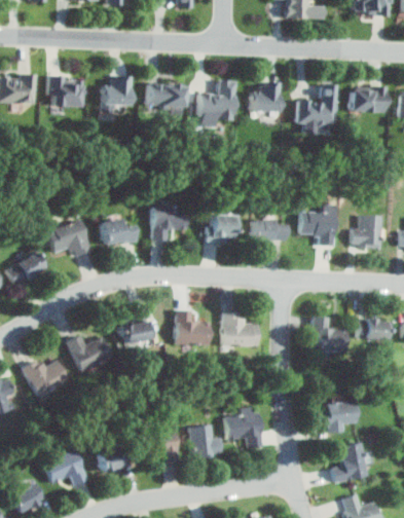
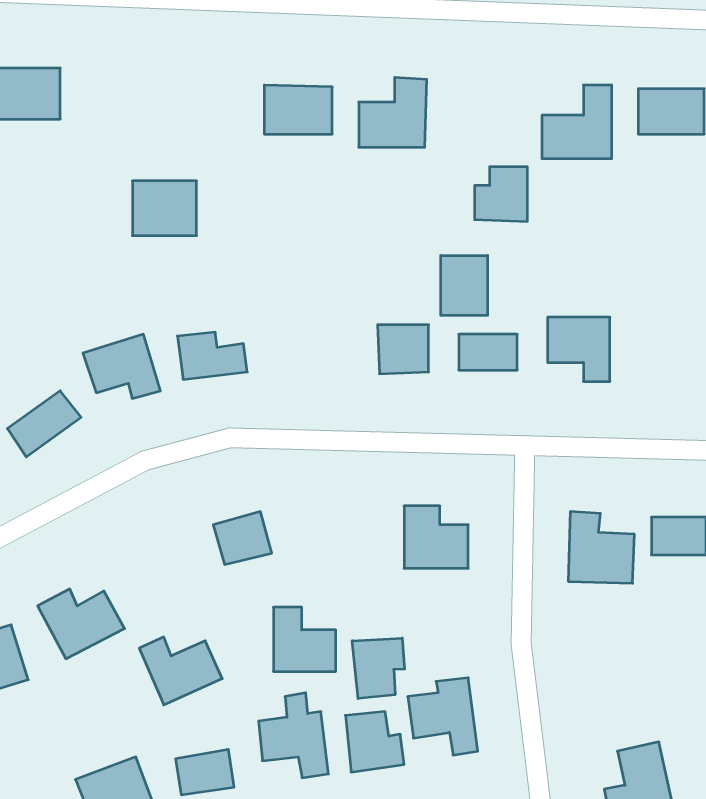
building: [48,76,83,106] -> [132,181,197,236]
building: [100,76,130,105] -> none
building: [250,82,279,112] -> [475,167,527,221]
building: none -> [441,255,488,315]
building: [153,206,187,239] -> none
building: [352,215,381,247] -> none
building: [176,310,210,345] -> [273,607,336,671]
building: [68,335,113,372] -> [139,637,222,705]
building: none -> [352,638,405,699]
building: [324,399,359,434] -> none

